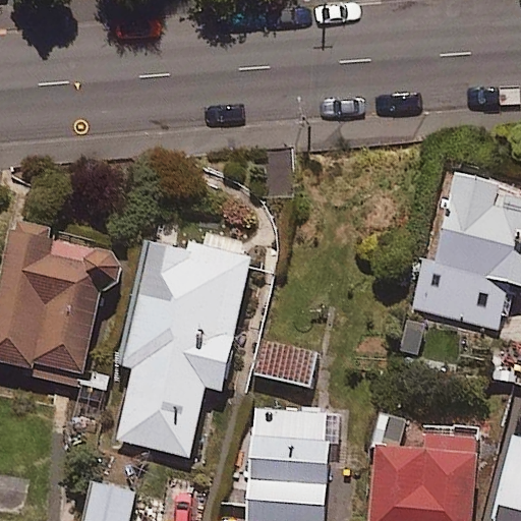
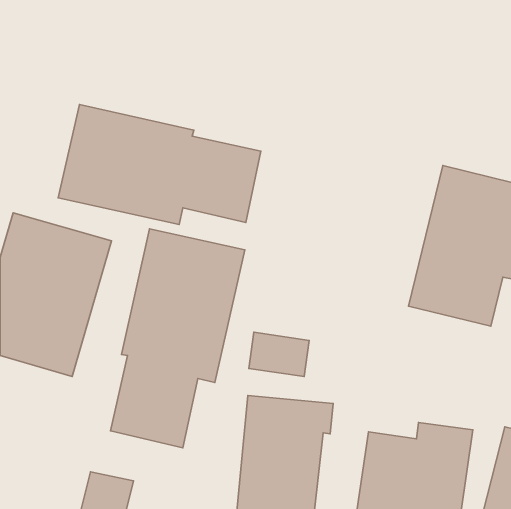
building: none -> [58,105,261,225]

